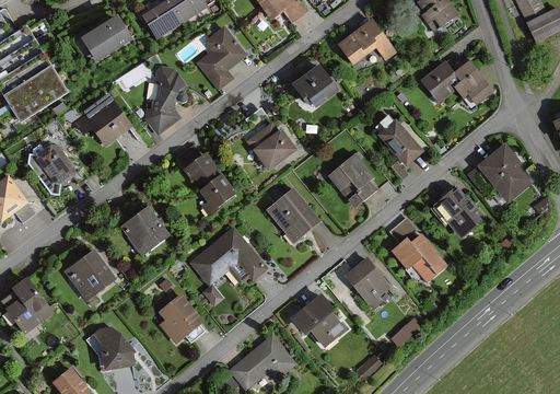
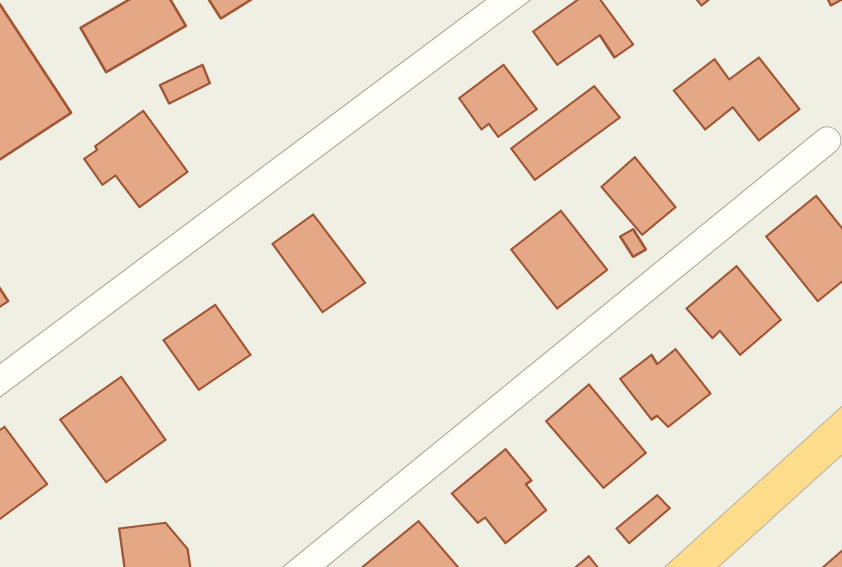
building: [197,30,240,88] -> none
building: [141,69,183,135] -> none
building: none -> [511,86,620,180]
building: [242,114,300,172] -> none
building: [35,140,80,187] -> none
building: [265,188,322,244] -> none
building: [190,228,267,287] -> none
building: [156,292,203,346] -> none

